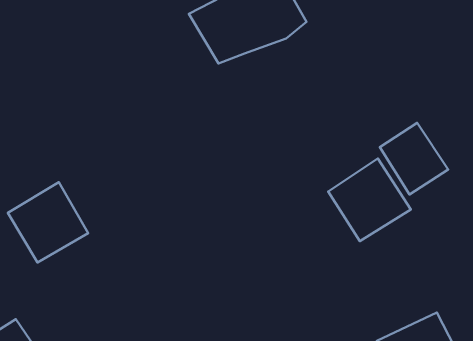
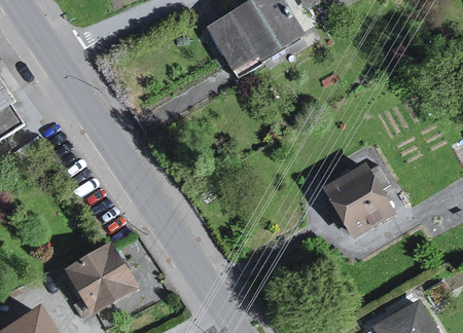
building: [380,123,448,194] -> none
building: [8,182,88,263] -> [63,237,136,310]

